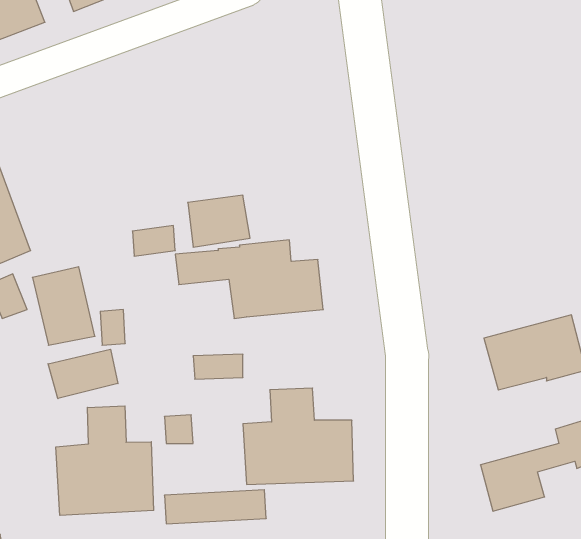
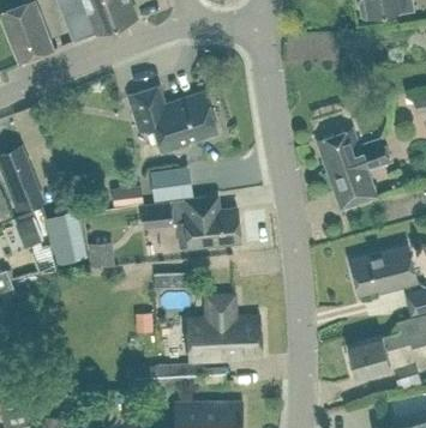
building: none -> [128,89,224,157]
building: none -> [317,129,392,212]
building: [48,349,118,399] -> none
building: [56,406,154,515] -> none

